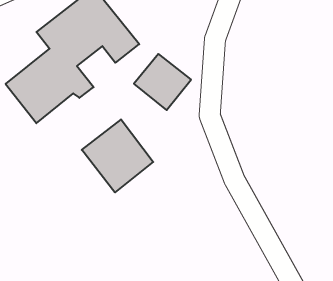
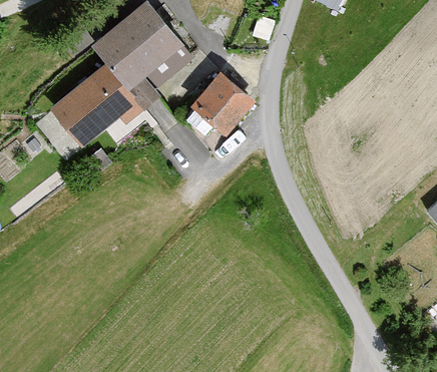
building: [82,119,153,192] -> none

